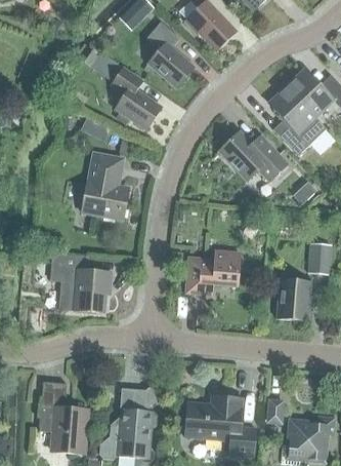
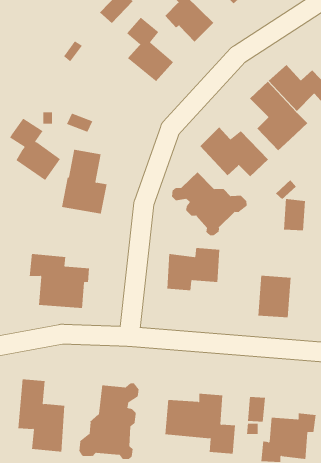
building: [110,66,161,128] -> [9,118,61,181]
building: none -> [172,172,247,236]
building: [308,241,331,273] -> [283,199,306,231]

